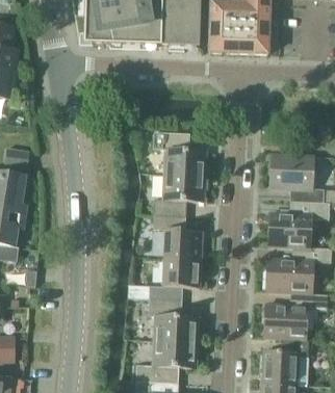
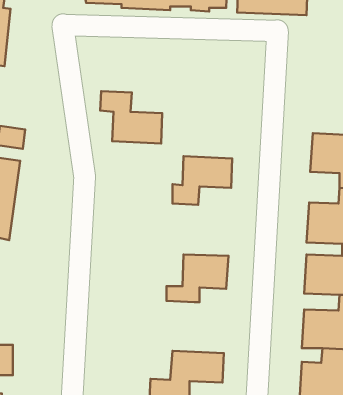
building: [153,130,206,175] -> [100,91,162,143]
building: [153,213,203,258] -> none
building: [148,296,199,341] -> none

